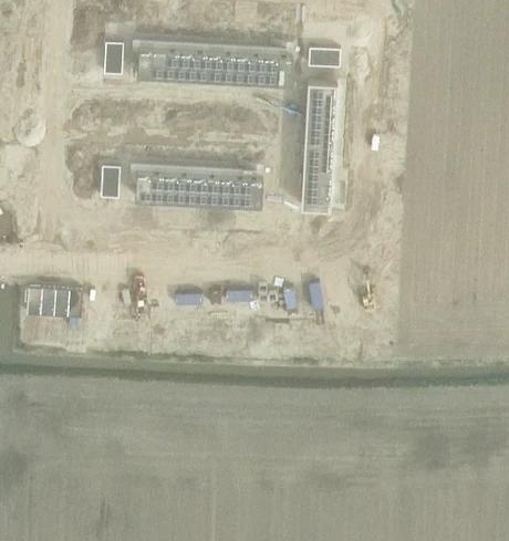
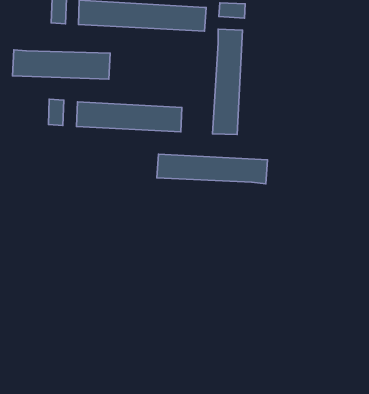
building: none -> [13,50,110,79]
building: none -> [157,154,268,184]

